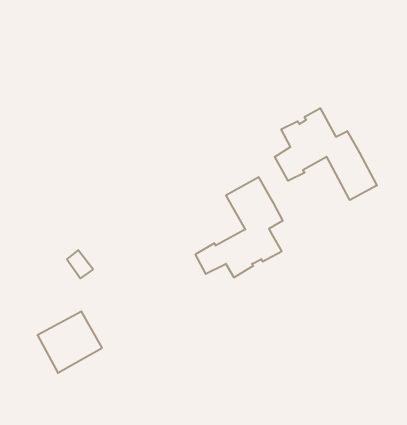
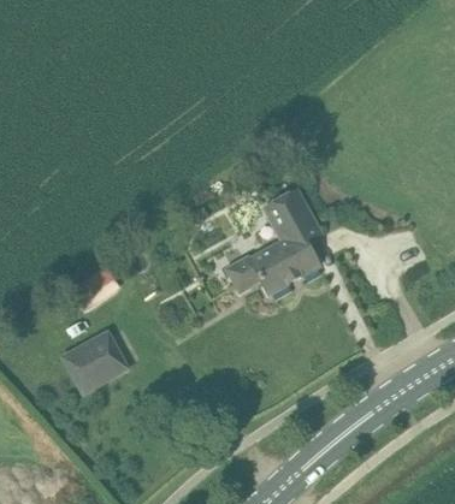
building: [275,108,377,200] -> none

